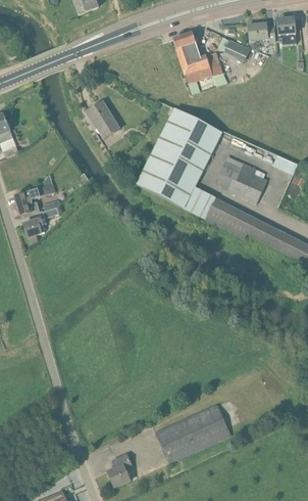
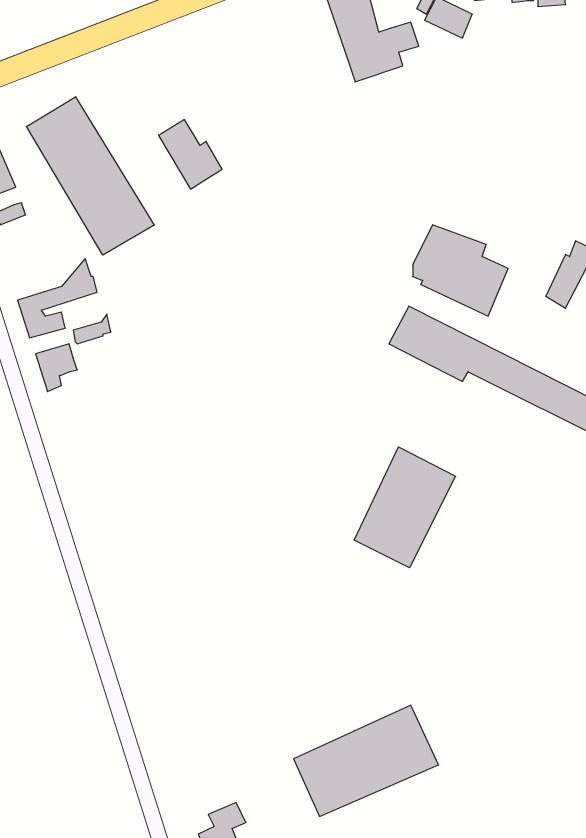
building: none -> [27,97,154,255]
building: [137,107,221,218] -> none
building: none -> [354,447,456,568]

